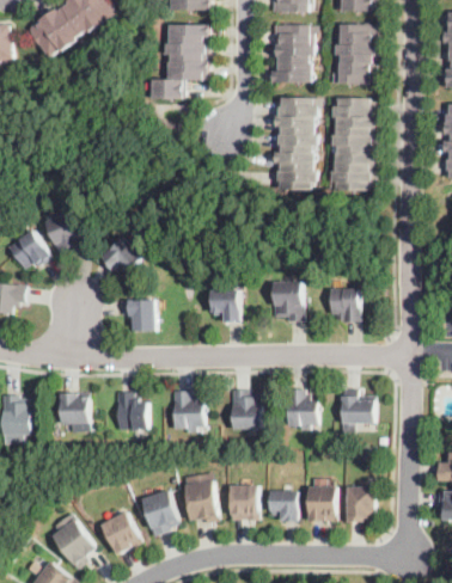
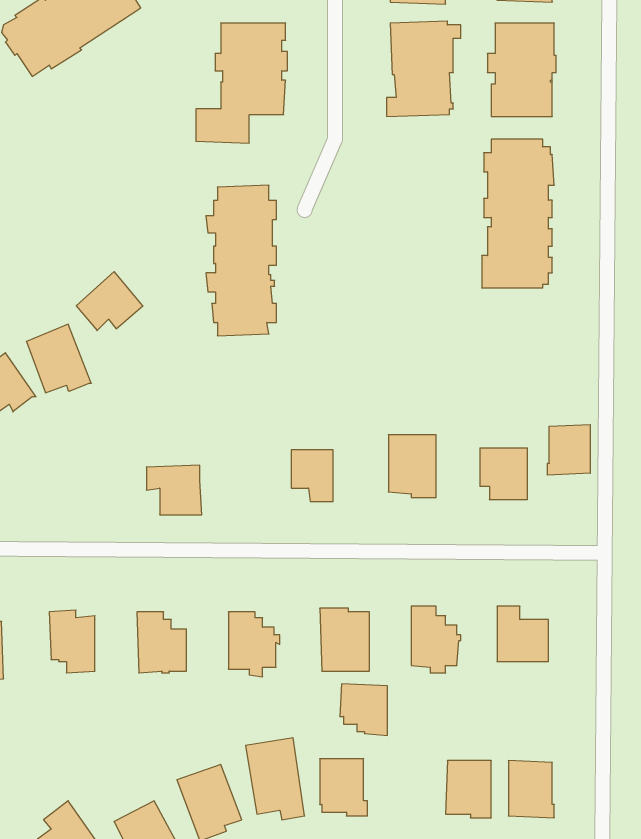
building: [273,96,317,190] -> [206,185,276,336]
building: [99,238,141,275] -> [76,272,143,331]
building: none -> [547,425,590,475]
building: [268,490,298,522] -> [340,684,387,735]

